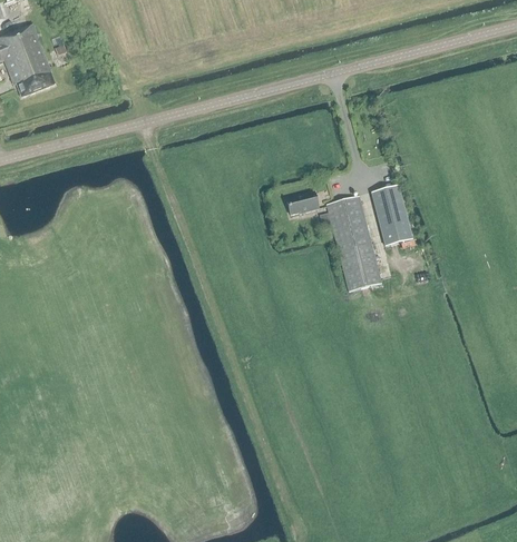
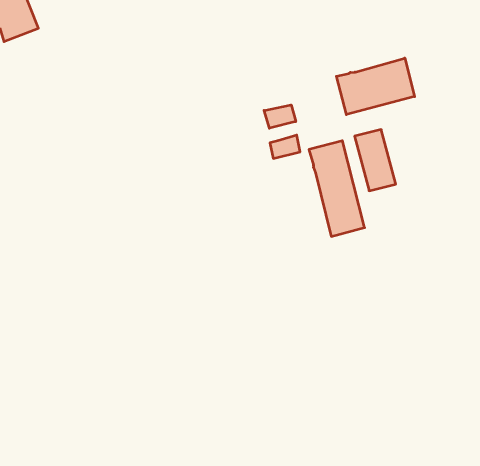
building: none -> [336,58,415,115]
building: none -> [264,105,296,128]

